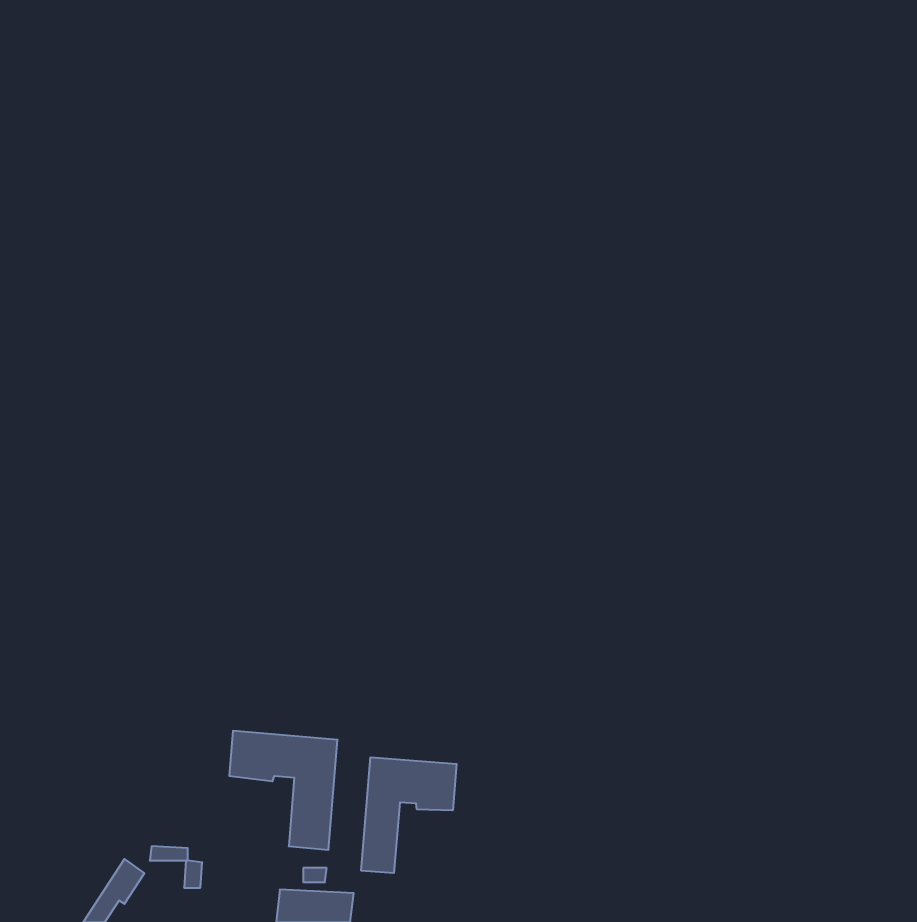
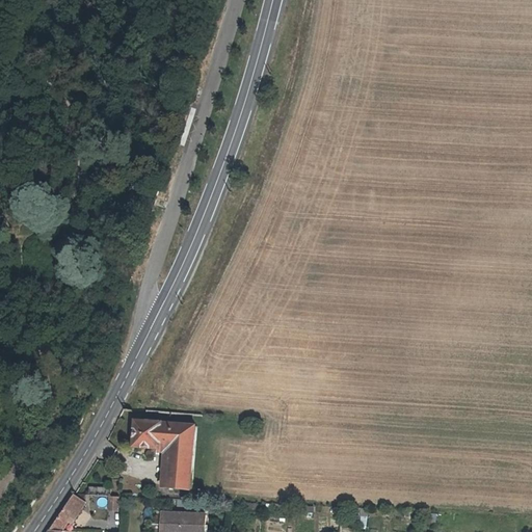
building: [361,757,457,873] -> none

